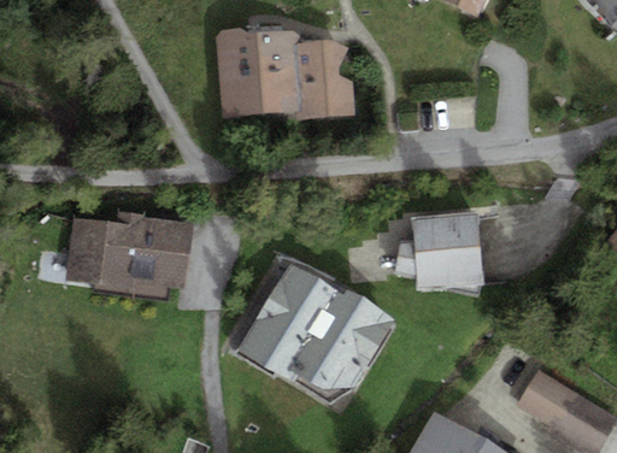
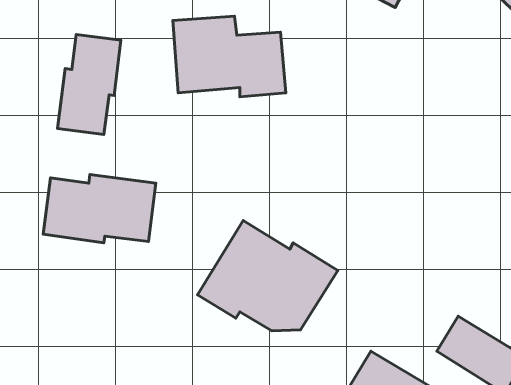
building: none -> [57,35,121,134]
building: [396,211,486,289] -> none

